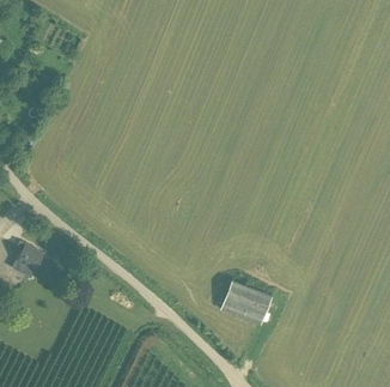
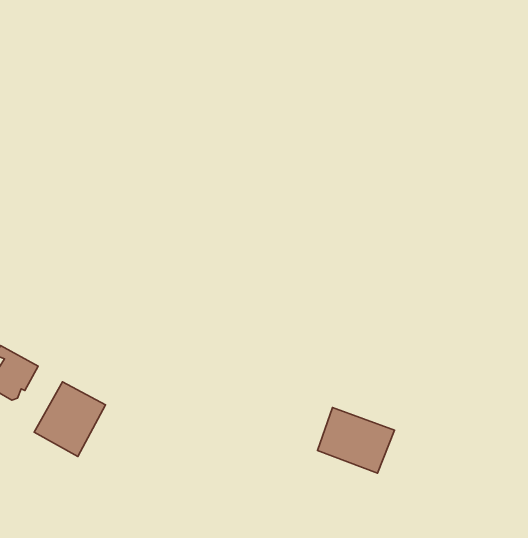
building: none -> [34,382,105,456]

